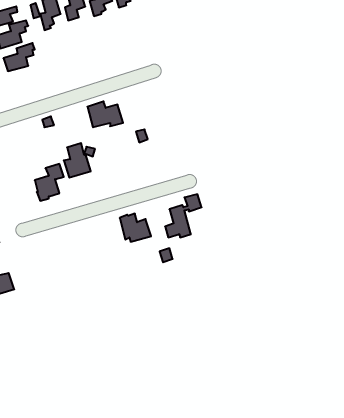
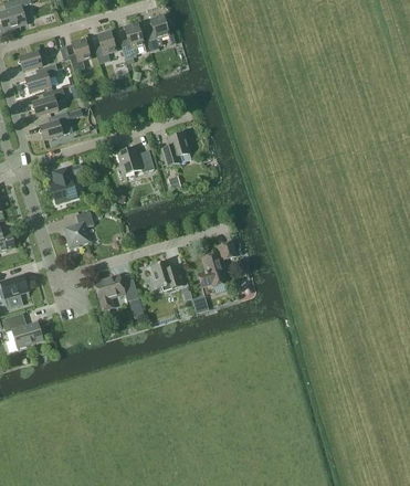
building: none -> [39,110,70,139]
building: none -> [161,131,189,166]
building: [64,143,91,178] -> [50,167,77,202]
building: none -> [94,274,138,309]

